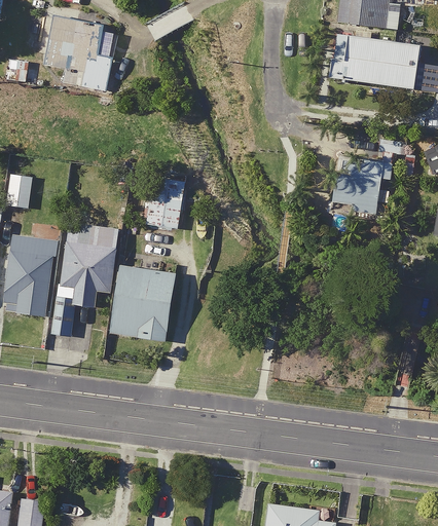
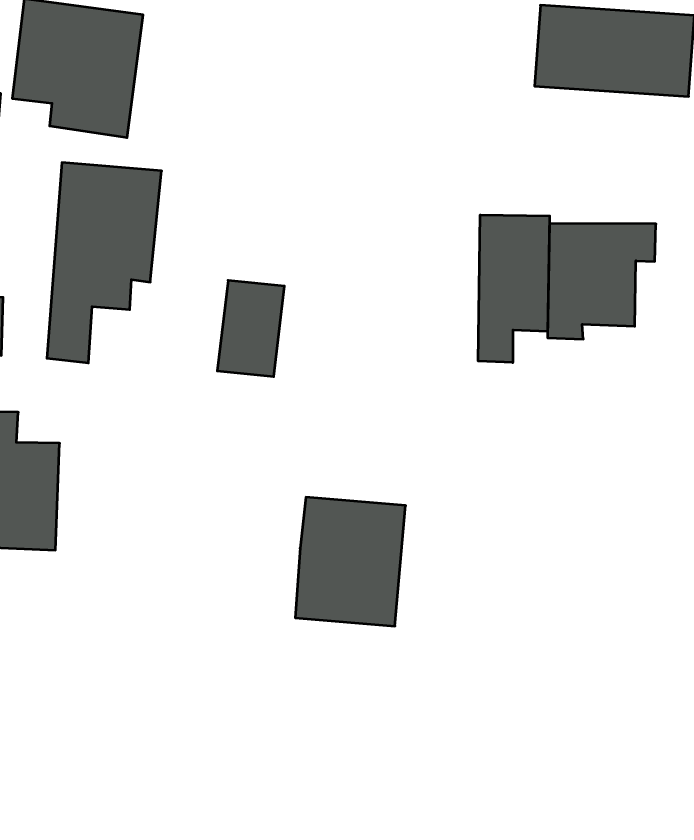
building: none -> [478,215,550,363]
building: [49,224,119,335] -> [47,163,162,363]
building: [112,266,177,340] -> [295,497,406,626]

